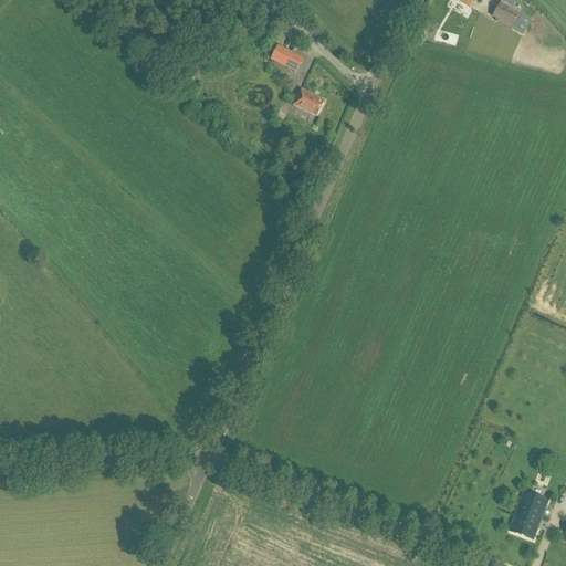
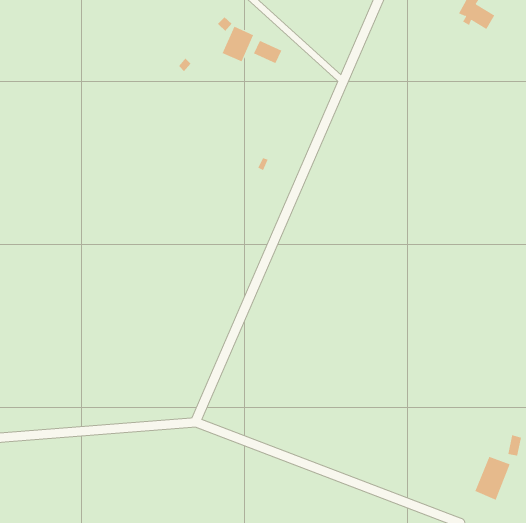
building: none -> [222,26,254,62]
building: [294,87,325,114] -> none

